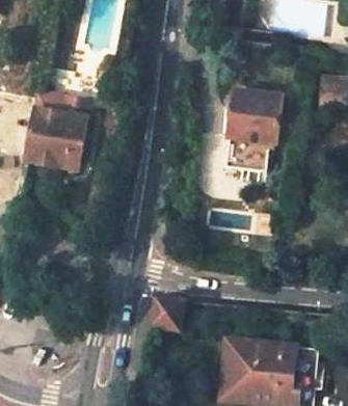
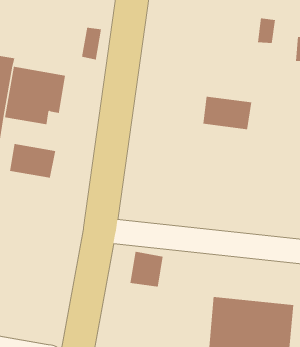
building: [229,87,282,142] -> none
building: none -> [9,143,56,178]

